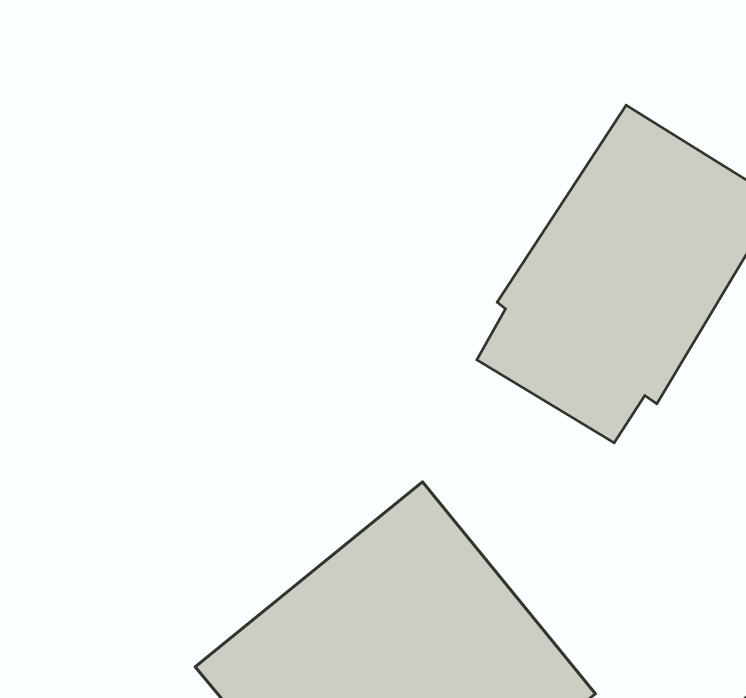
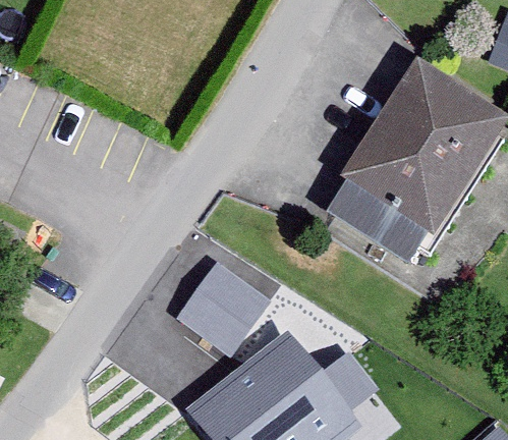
building: none -> [173,257,268,352]

